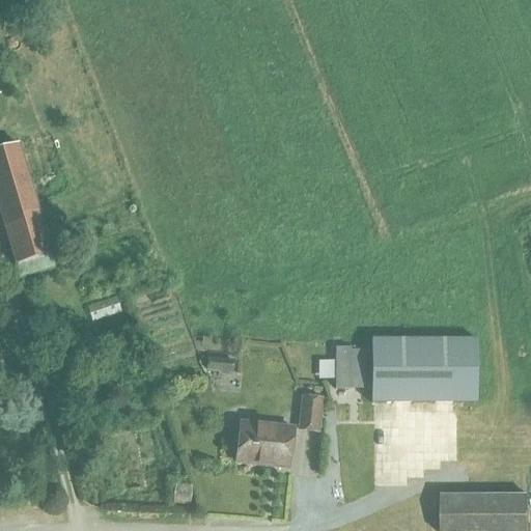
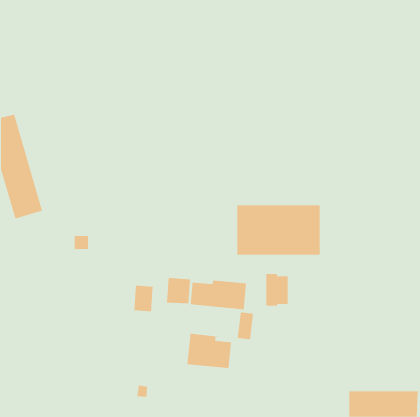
building: [370,337,476,400] -> [237,205,320,255]
building: none -> [190,280,246,310]
building: none -> [134,285,153,312]

